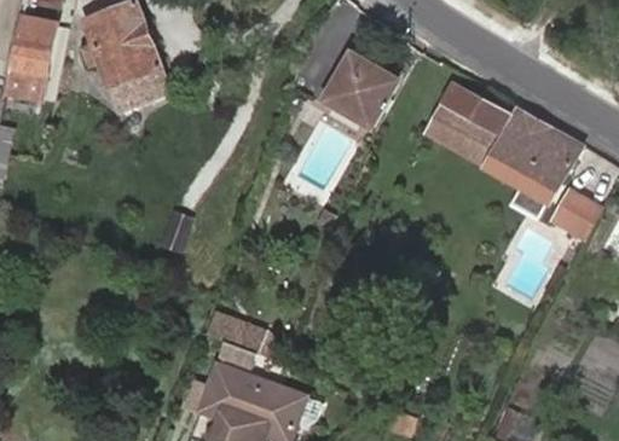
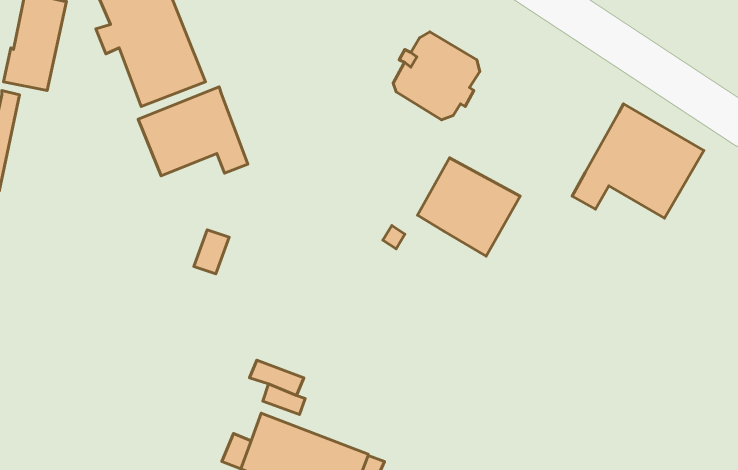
building: [427,83,511,164] -> [417,158,520,256]
building: none -> [138,87,248,176]
building: [554,192,601,236] -> none

